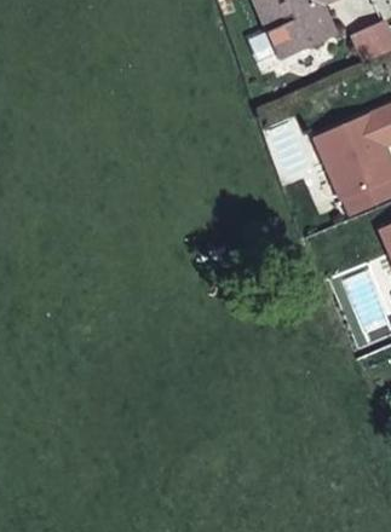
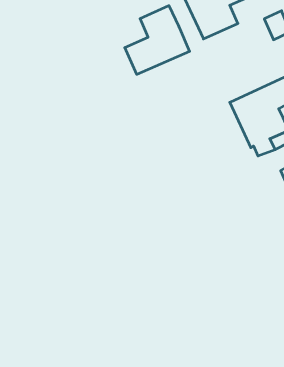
building: none -> [125,6,190,74]

